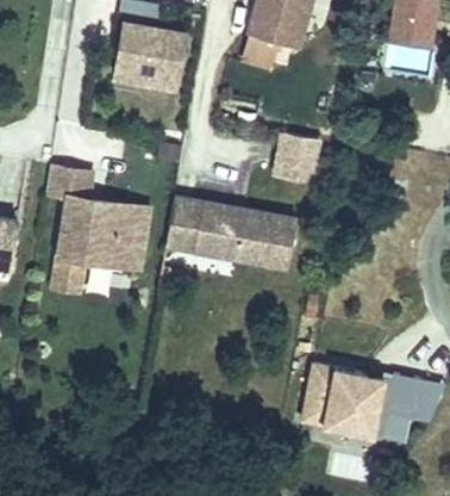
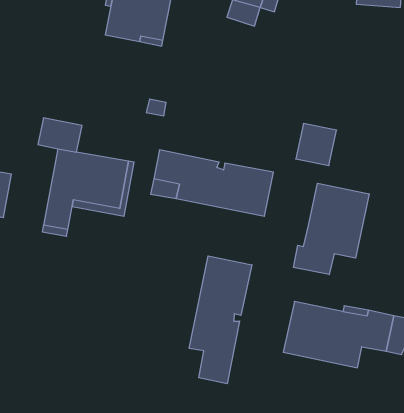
building: [276,136,320,181] -> [296,124,337,166]
building: none -> [293,183,369,275]
building: none -> [189,256,252,384]

